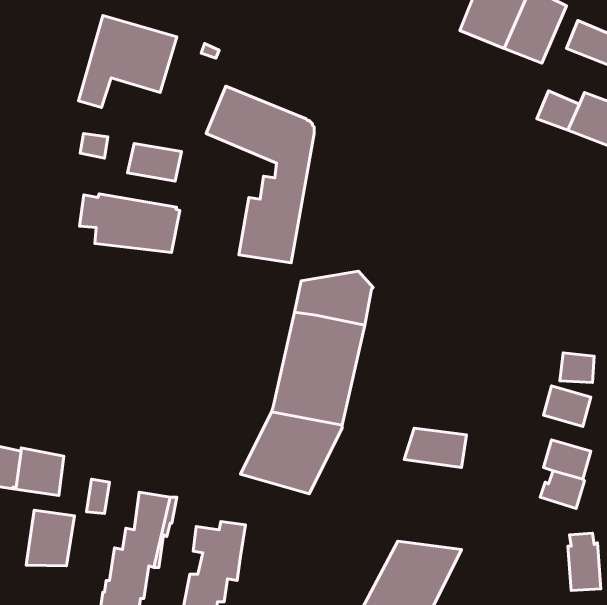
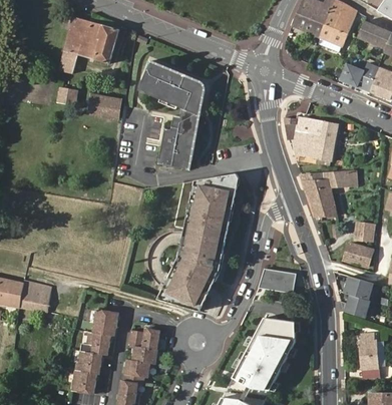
building: none -> [284,116,338,165]
building: [79,194,180,252] -> none
building: none -> [300,172,349,216]
building: none -> [254,316,295,344]
building: [26,510,75,566] -> none

